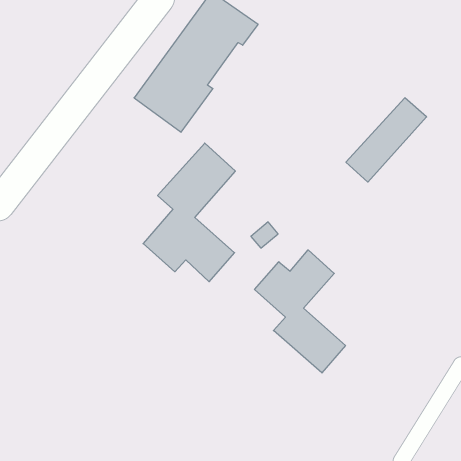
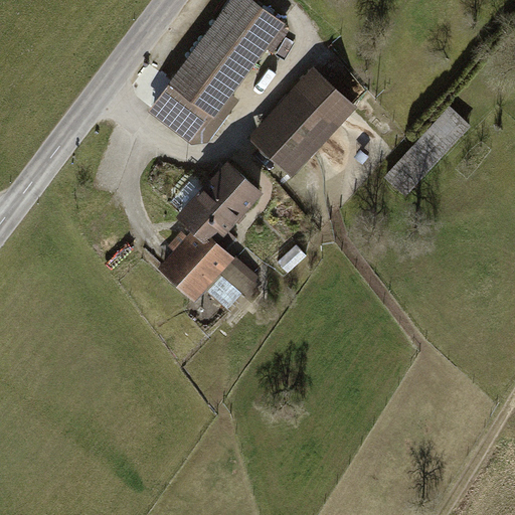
building: none -> [246,66,355,177]
building: [255,250,345,373] -> none

